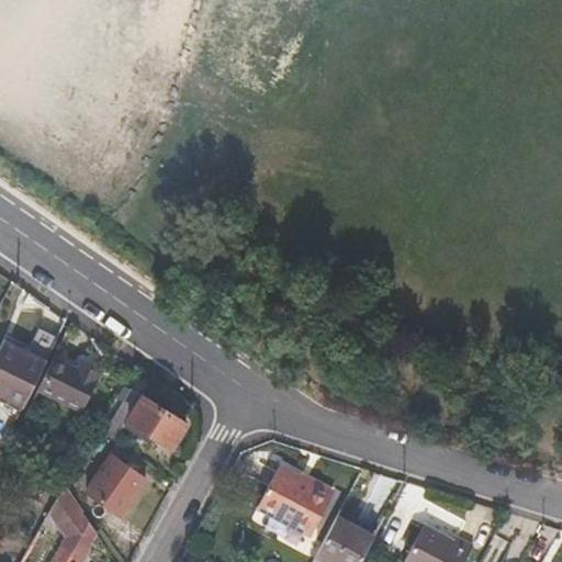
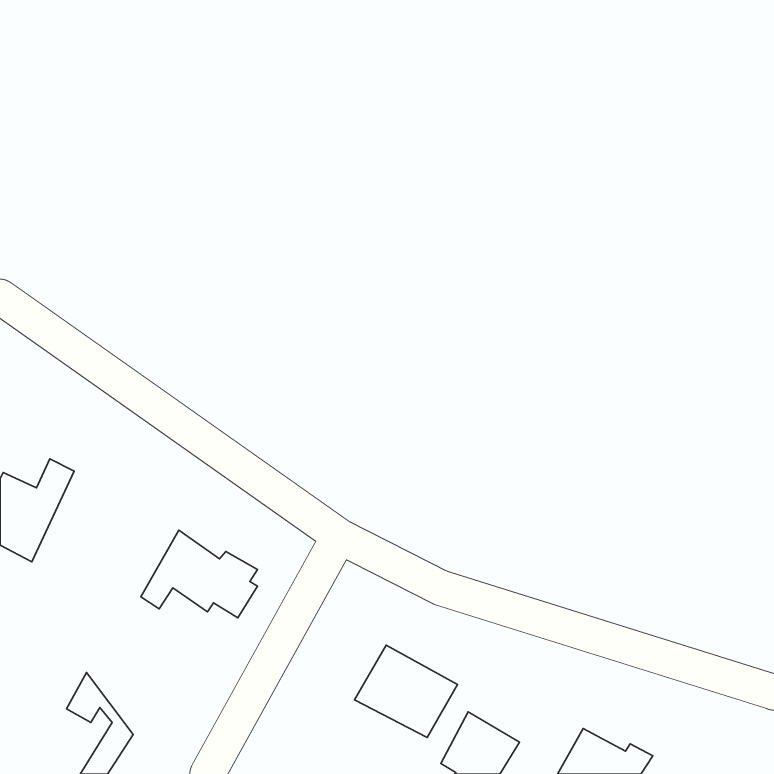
building: [38,357,101,412] -> none
building: [87,456,146,516] -> none

